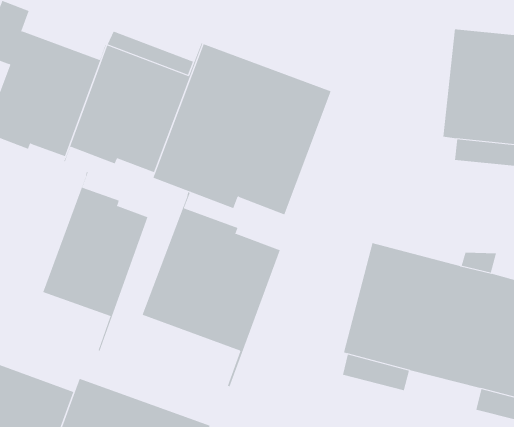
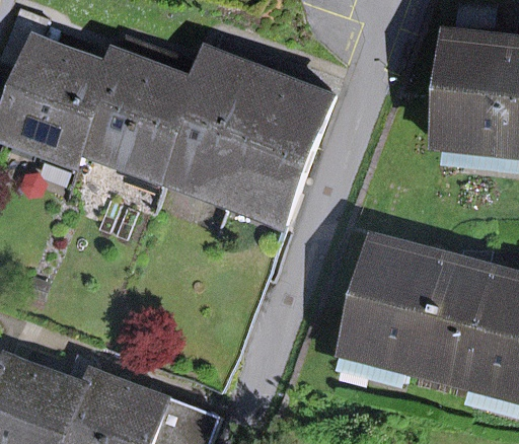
building: [43,171,148,351] -> none
building: [142,192,281,387] -> none

